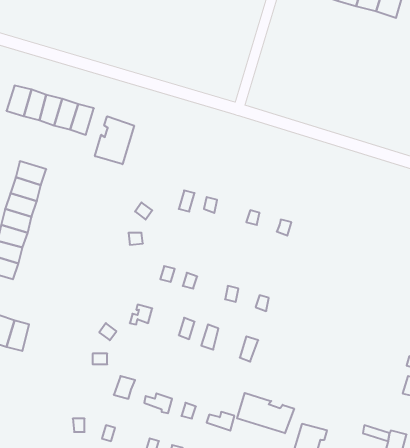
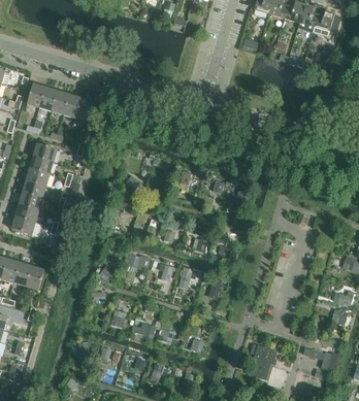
building: [95,116,134,164] -> none
building: [237,393,294,433] -> none

